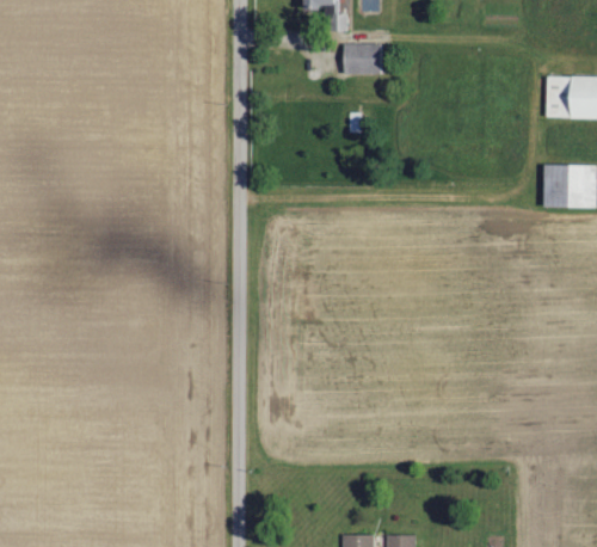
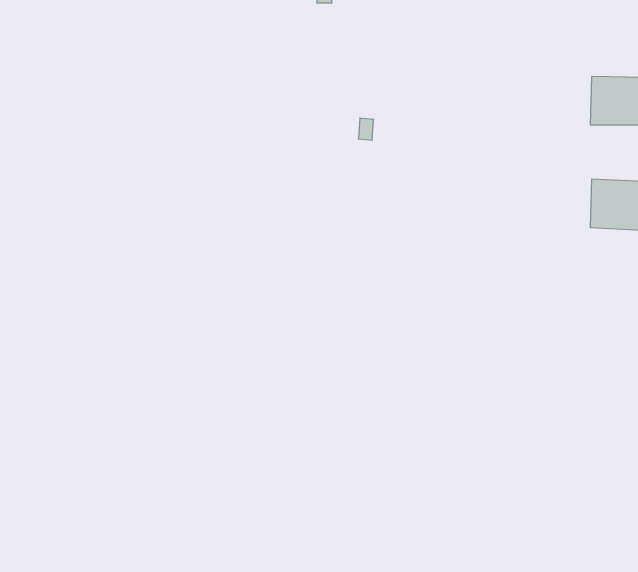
building: [344,42,378,73] -> none

